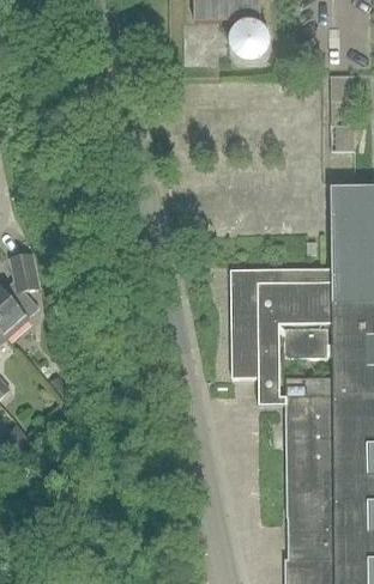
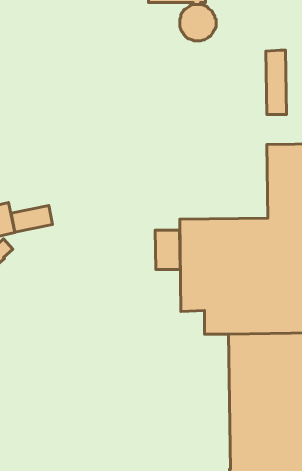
building: none -> [11,206,53,232]
building: none -> [155,230,180,269]

